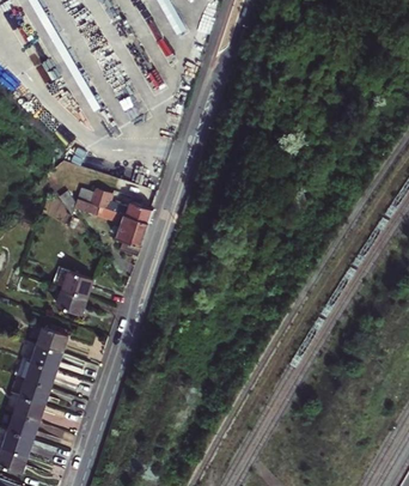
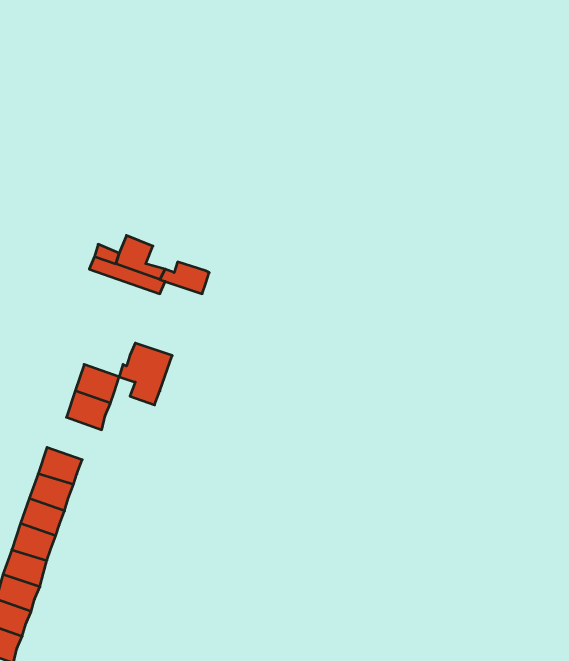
building: [111,215,147,257] -> [119,343,172,405]

